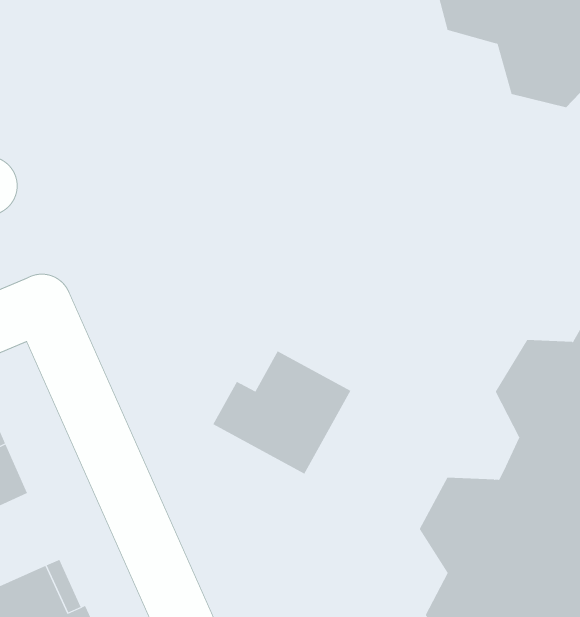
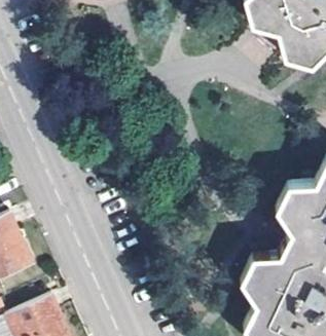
building: [212,351,351,474] -> none

